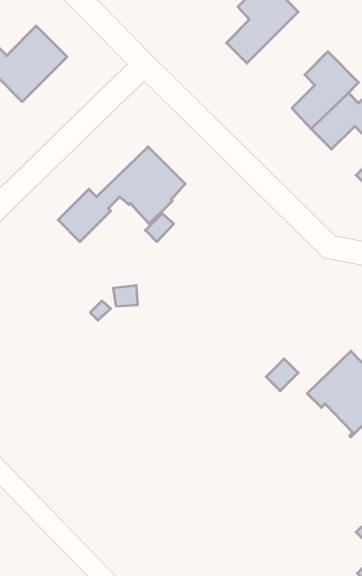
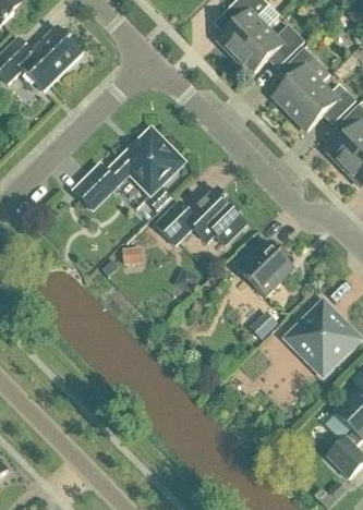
building: none -> [234,23,304,74]
building: none -> [155,187,245,244]
building: none -> [232,234,290,295]

